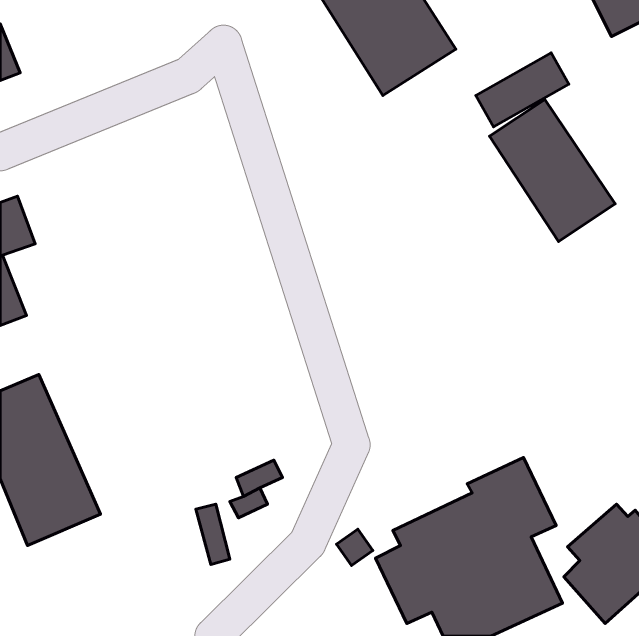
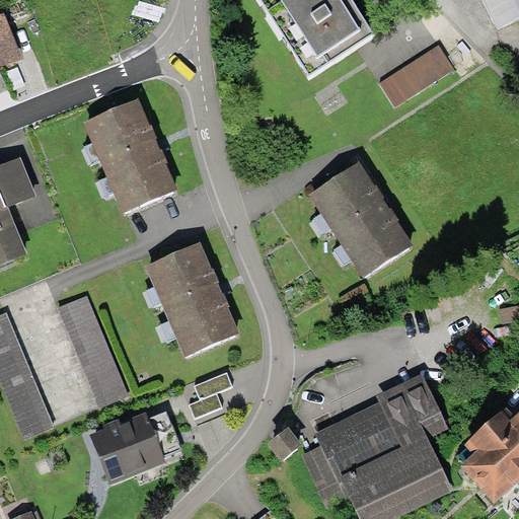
building: [490,100,615,242] -> [309,163,411,278]
building: none -> [84,100,173,214]
building: none -> [147,241,237,355]
building: none -> [57,294,129,409]
building: none -> [91,418,160,477]

